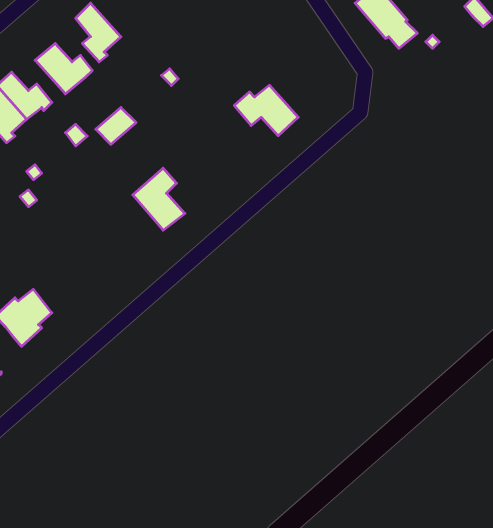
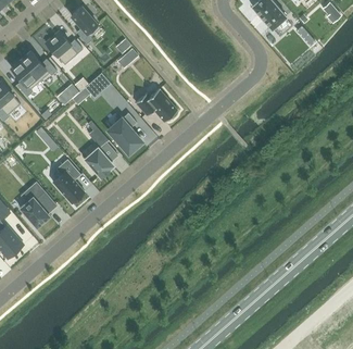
building: [234,85,298,136] -> [137,88,178,121]
building: none -> [86,121,117,176]
building: none -> [53,159,85,202]

